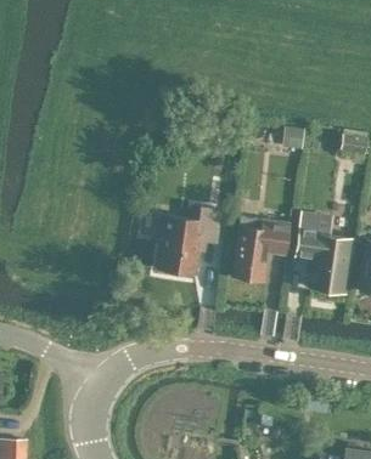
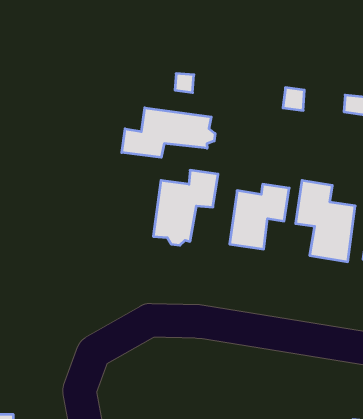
building: none -> [122,108,215,157]

